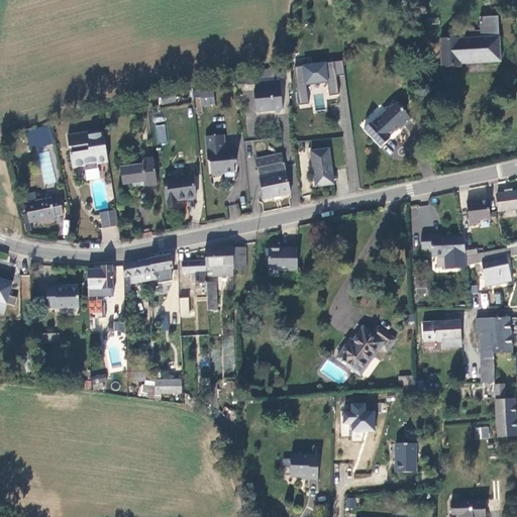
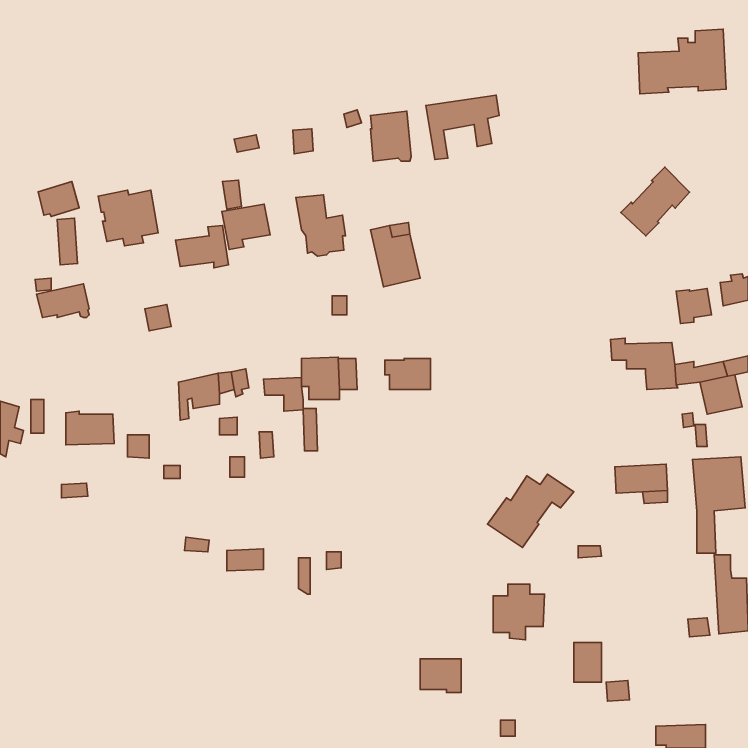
building: [364,99,411,146] -> [621,167,690,236]
building: [310,150,332,187] -> none
building: [163,175,196,206] -> [222,204,270,250]
building: [88,267,112,290] -> none

